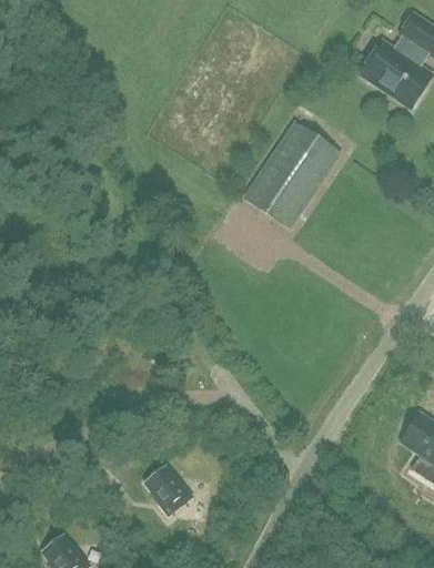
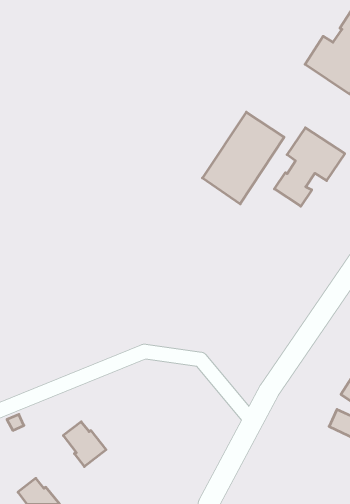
building: none -> [274,128,345,206]
building: [144,465,192,515] -> [63,422,106,467]

